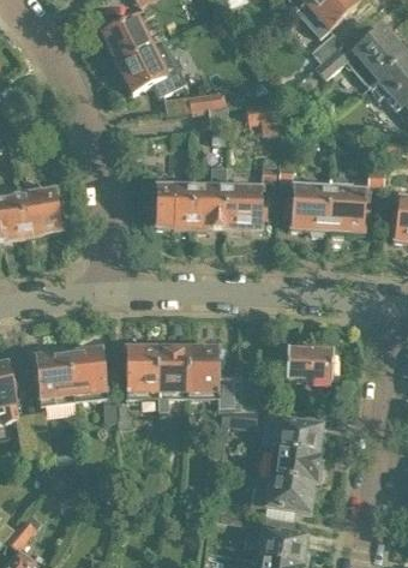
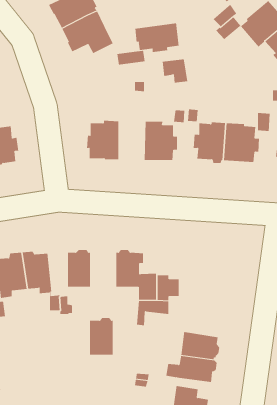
building: none -> [135,23,179,53]
building: [192,180,224,231] -> none
building: [156,343,187,391] -> [89,317,114,355]
building: [286,347,334,381] -> none
building: [274,418,323,455] -> none

